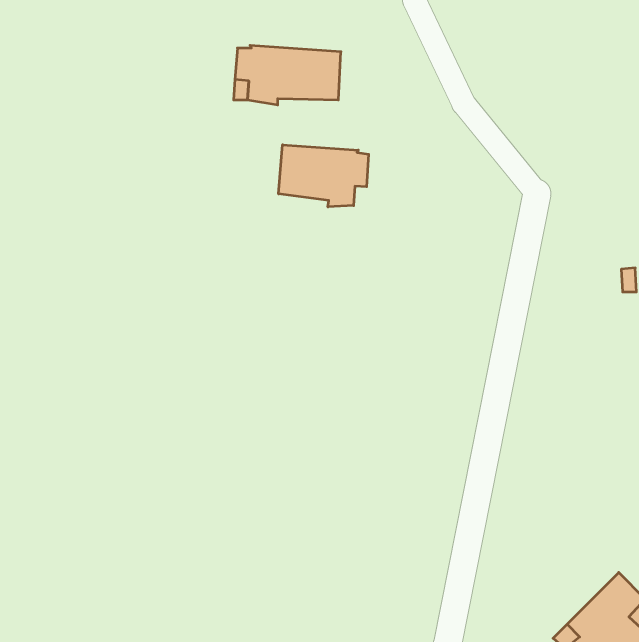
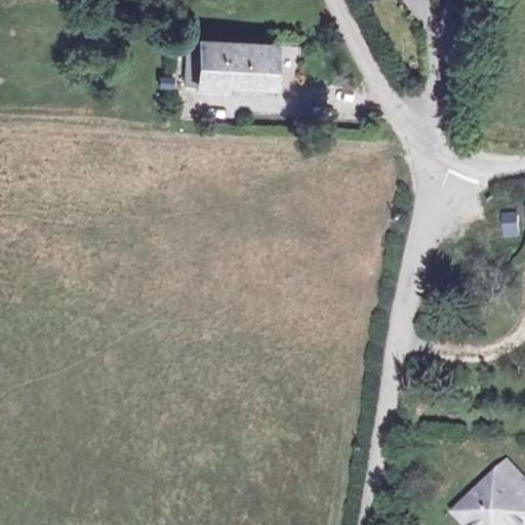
building: [279,145,369,207] -> none

